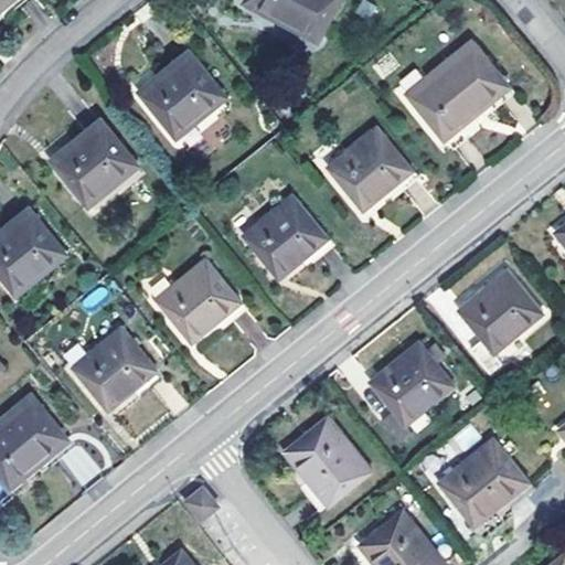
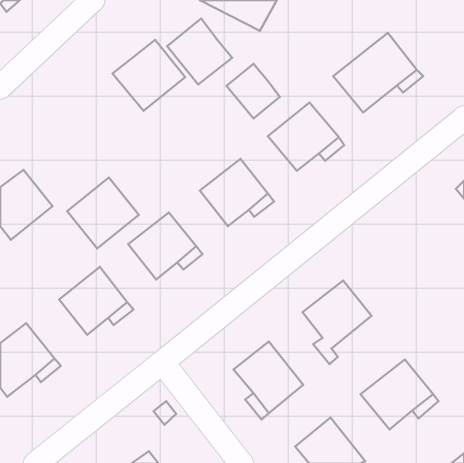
building: none -> [167,19,232,85]
building: none -> [226,64,280,118]
building: [50,118,137,204] -> [67,178,139,248]
building: [457,269,541,371] -> none

